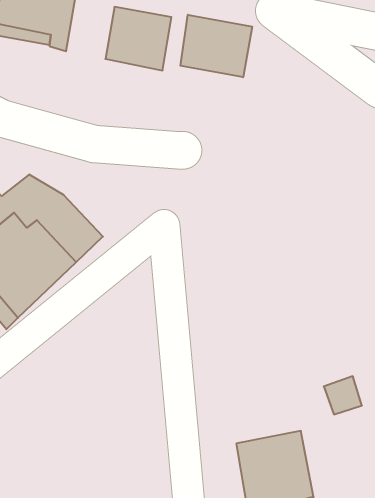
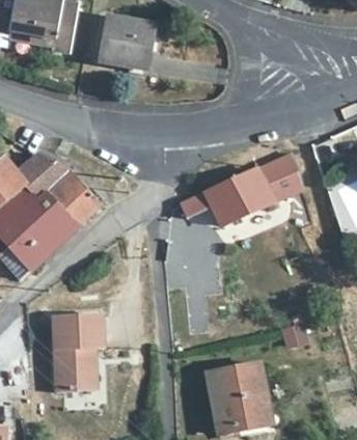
building: [180,15,252,77] -> none
building: none -> [180,153,303,226]
building: none -> [53,318,103,393]

